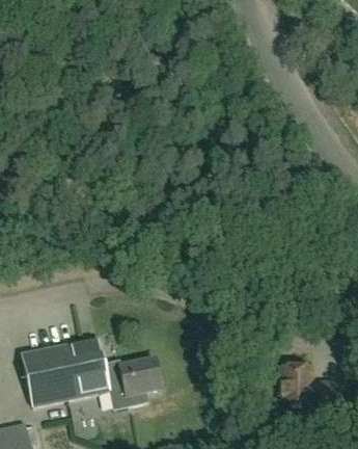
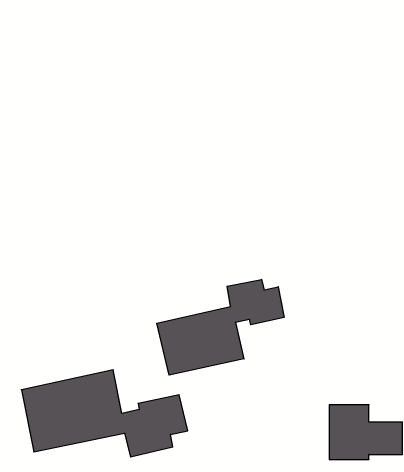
building: none -> [157,279,284,375]

